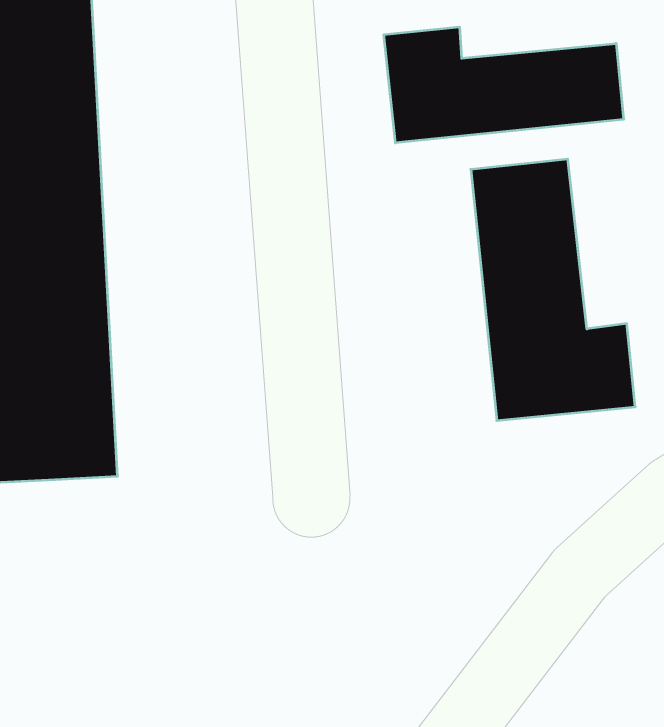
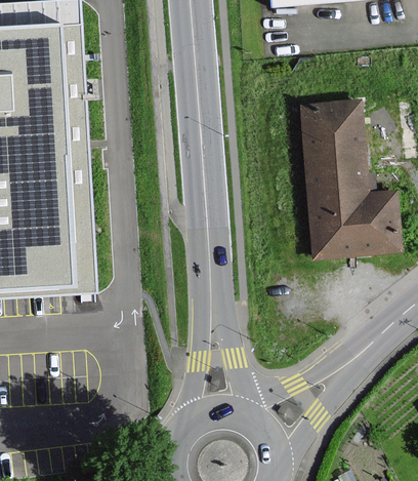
building: [384,27,624,143] -> none

